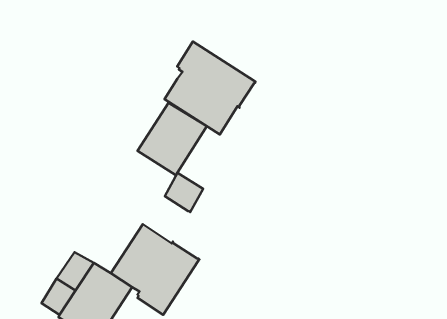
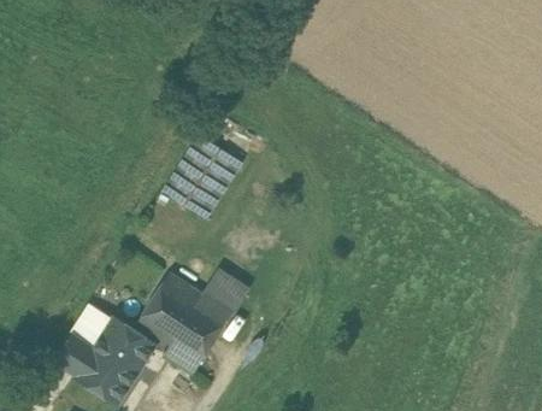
building: [164,42,256,134] -> none
building: [165,173,203,212] -> [204,268,247,312]

